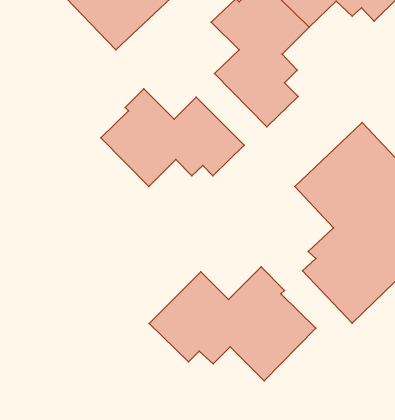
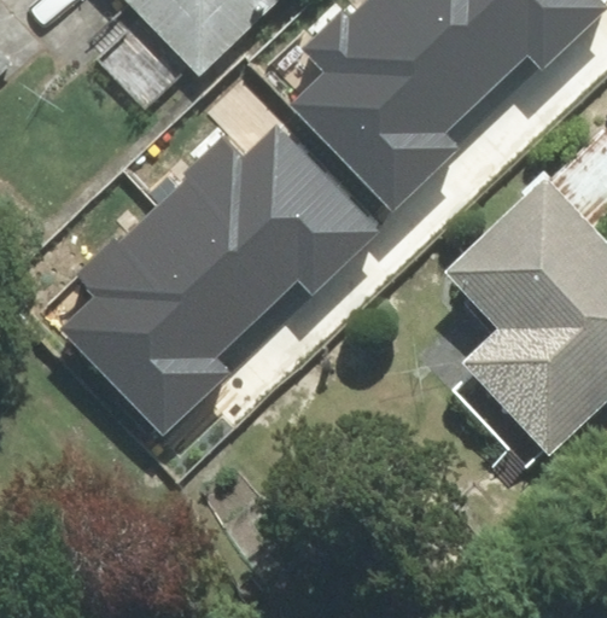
building: none -> [81,202,239,410]
building: [149,267,316,381] -> none

